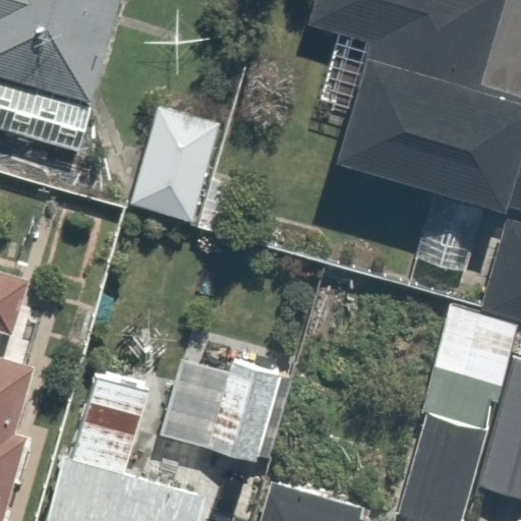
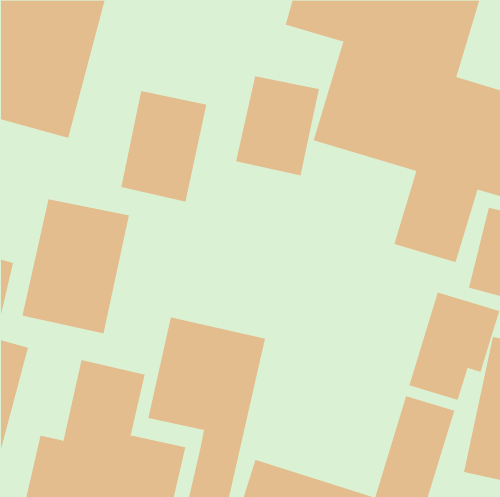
building: none -> [236,76,320,176]
building: none -> [22,199,129,334]

